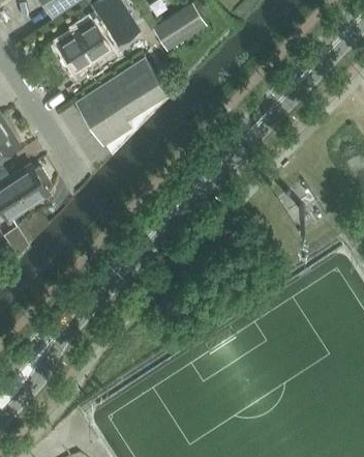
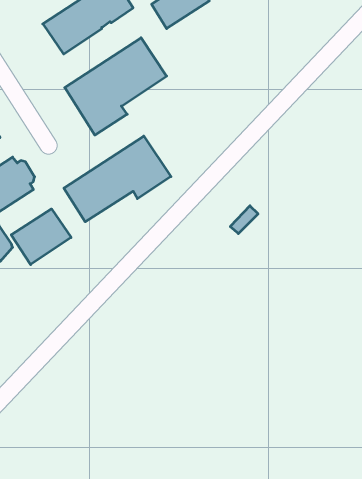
building: none -> [64,136,171,222]
building: none -> [11,209,71,265]

